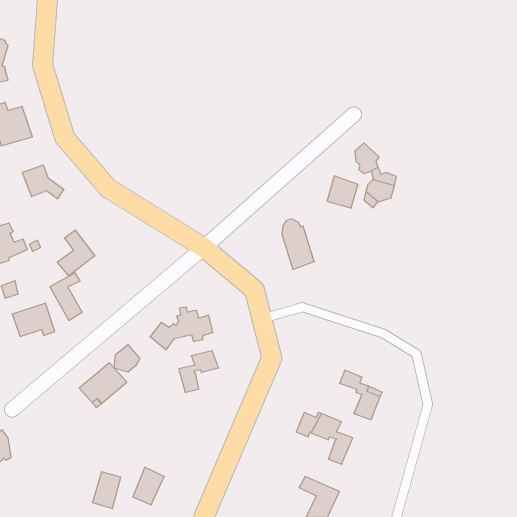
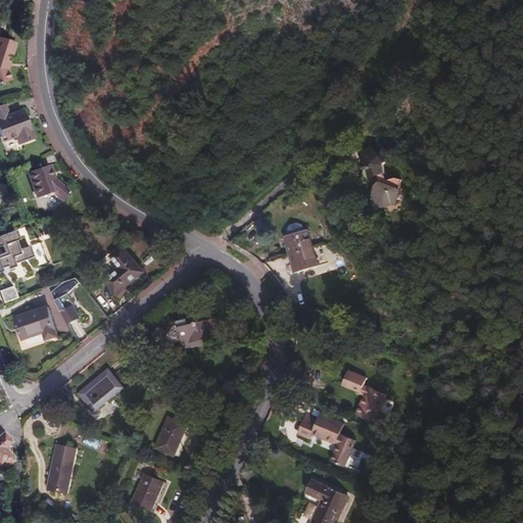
building: [327,176,358,208] -> none
building: [57,230,95,276] -> [104,248,142,294]
building: [114,345,140,372] -> none
building: [179,350,218,393] -> none
building: none -> [158,416,191,454]
building: [92,472,121,508] -> [50,453,79,489]

